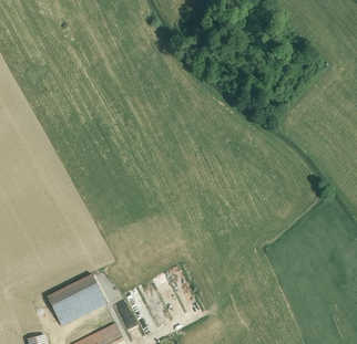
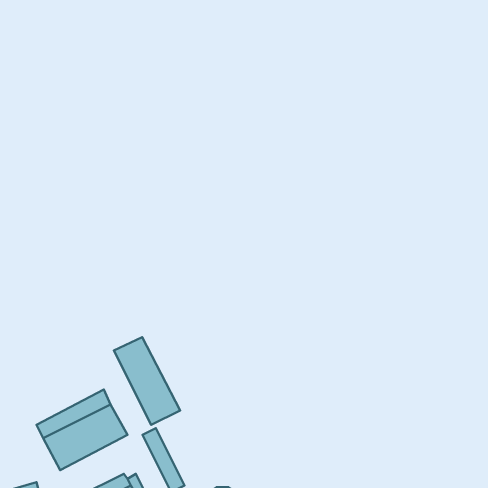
building: none -> [114,337,180,425]

